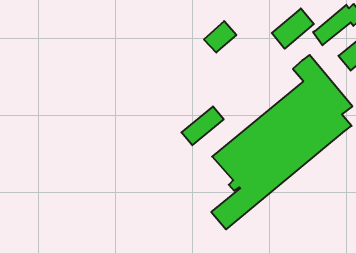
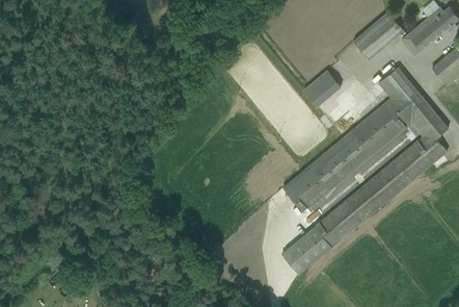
building: [204,21,236,53] -> [303,69,342,106]
building: [181,106,224,145] -> none

